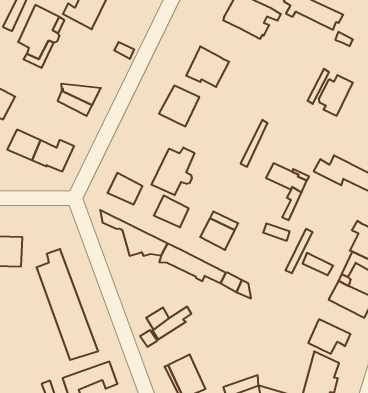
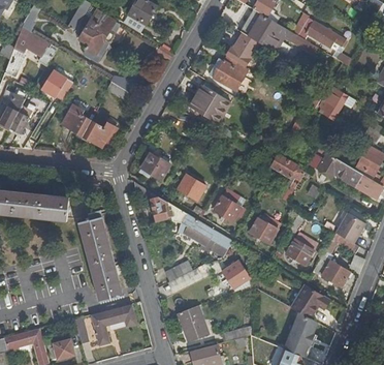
building: none -> [226,32,259,67]
building: [152,147,194,195] -> none
building: none -> [249,217,278,244]
building: none -> [285,239,314,266]
building: none -> [222,261,249,288]

